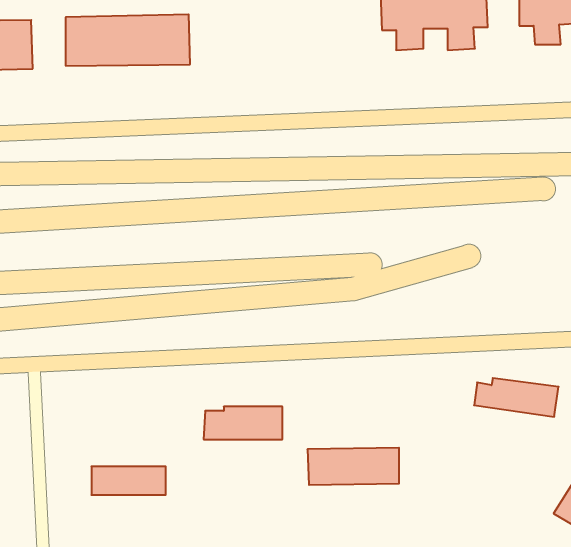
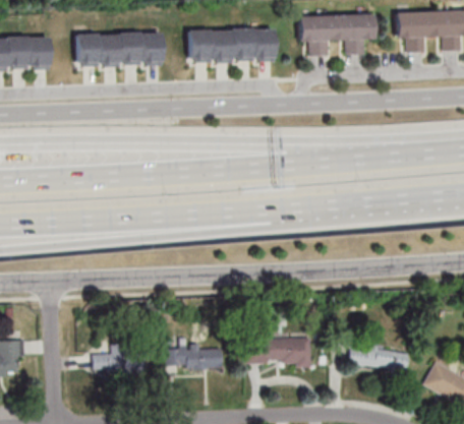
building: none -> [187,28,275,62]
building: [474,378,559,417] -> [349,346,409,373]
building: [204,407,282,439] -> [166,345,222,368]

